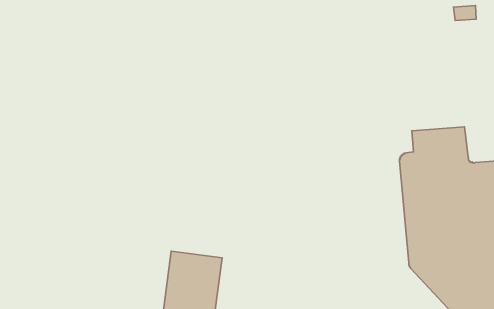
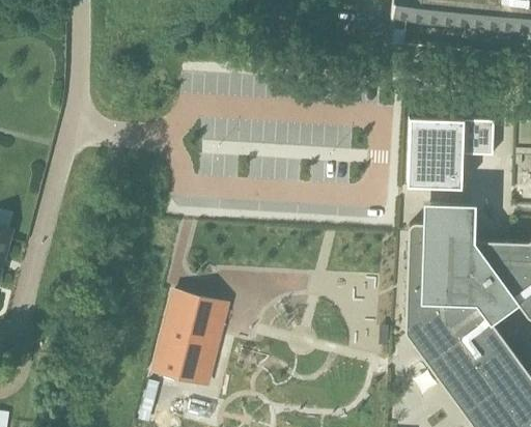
building: none -> [410,119,497,190]

